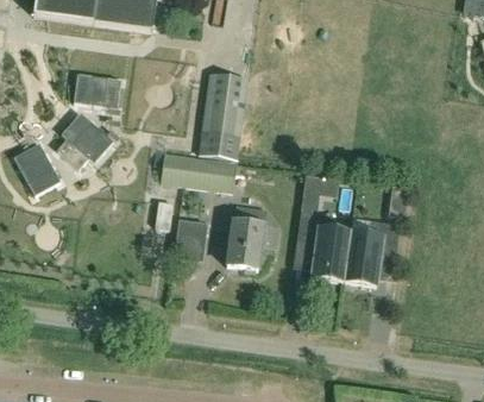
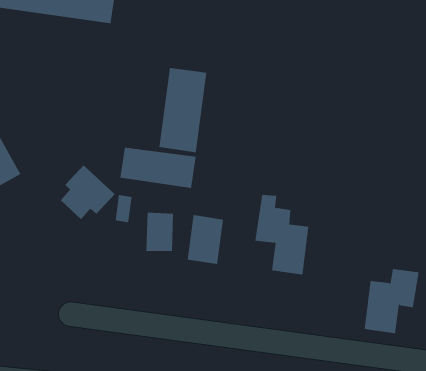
building: [74,71,120,106] -> none
building: [57,111,113,167] -> [60,165,115,220]
building: [344,219,400,284] -> [364,269,420,334]

